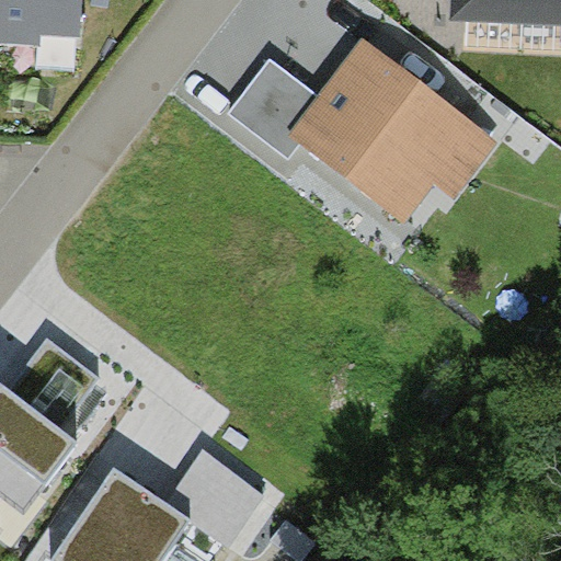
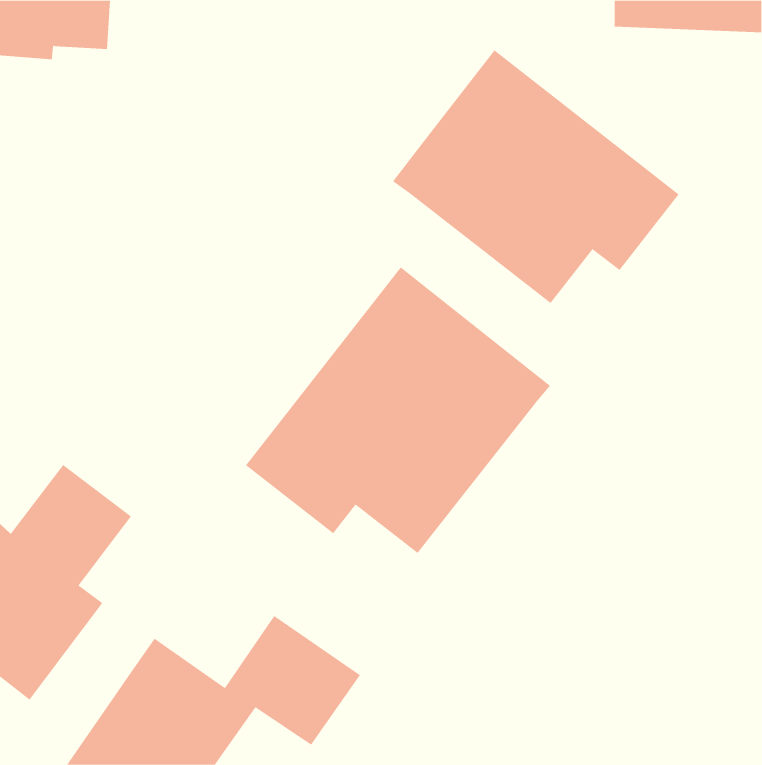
building: [227,58,317,158] -> none
building: none -> [245,267,551,554]

